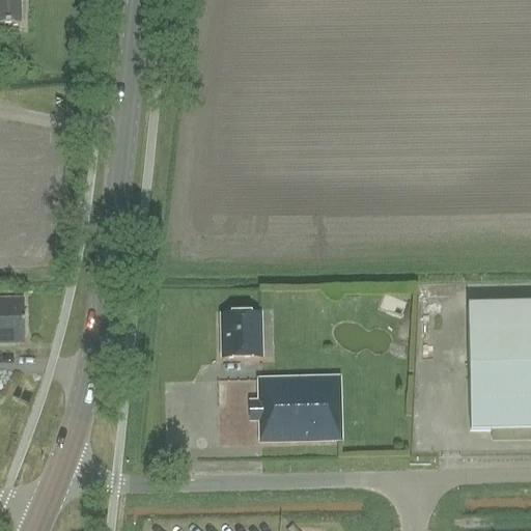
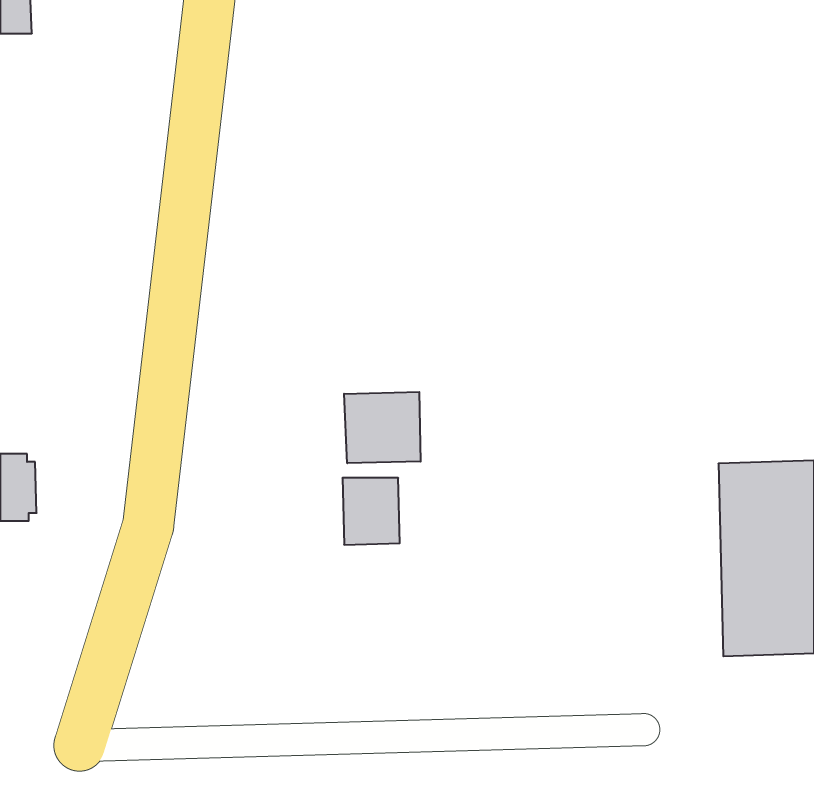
building: none -> [344,392,421,463]
building: [250,375,340,439] -> none

